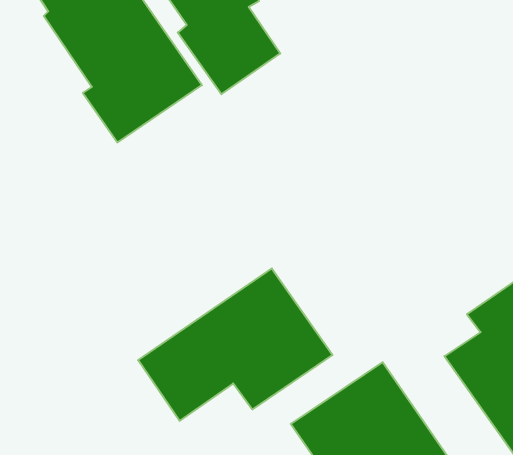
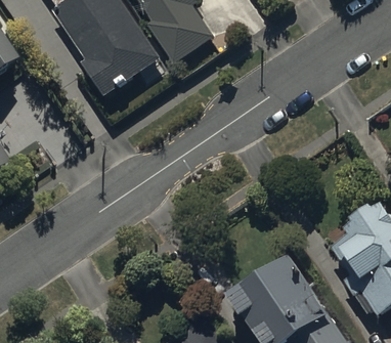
building: [138,268,333,421] -> none

